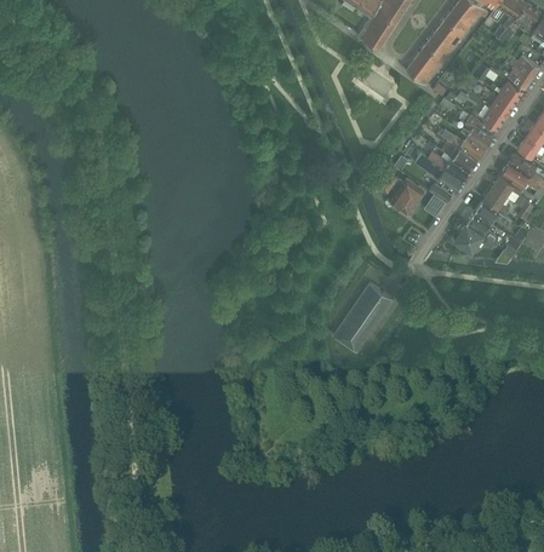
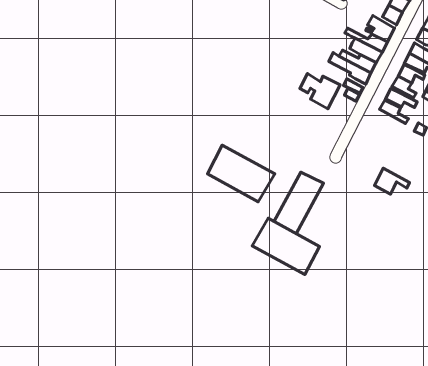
building: [454,223,494,253] -> [374,168,409,194]
building: none -> [207,145,275,202]
building: none -> [252,218,319,275]

